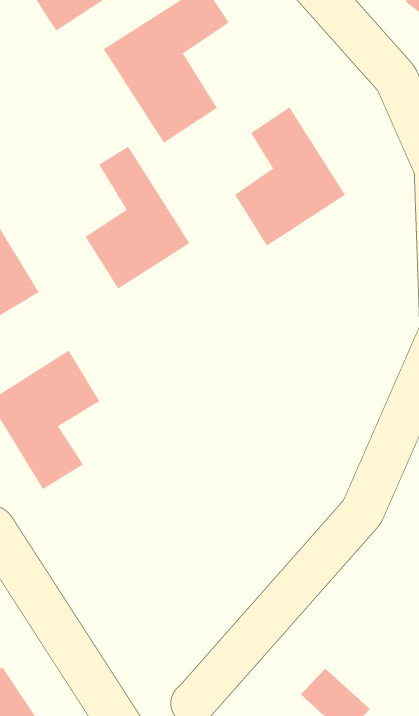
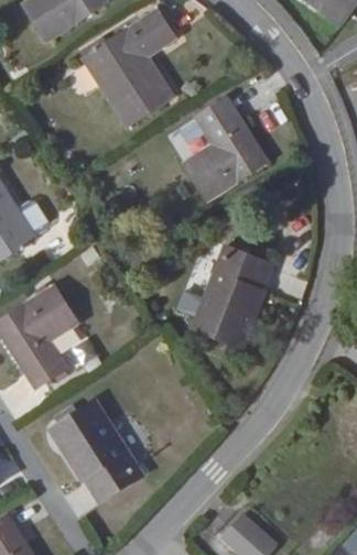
building: [85,146,190,289] -> none
building: none -> [193,247,273,350]
building: none -> [51,395,143,500]

